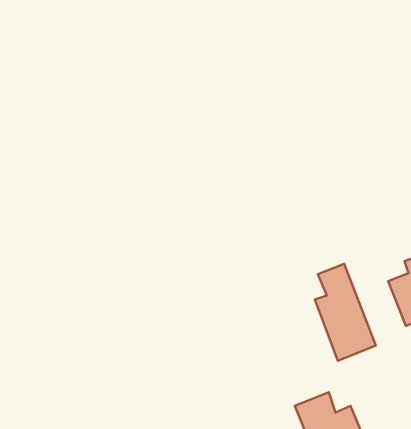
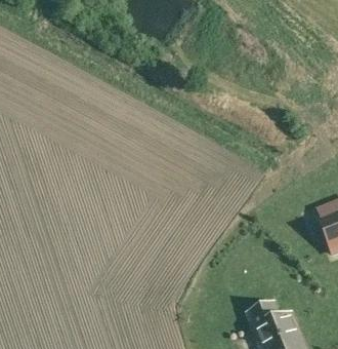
building: [315,264,376,361] -> none

